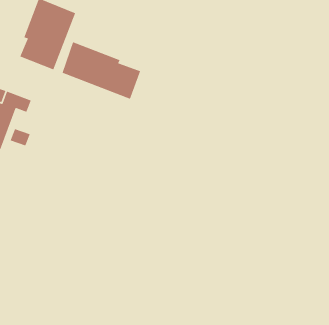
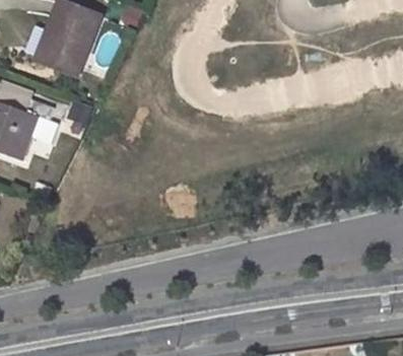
building: [61,41,141,100] -> none

